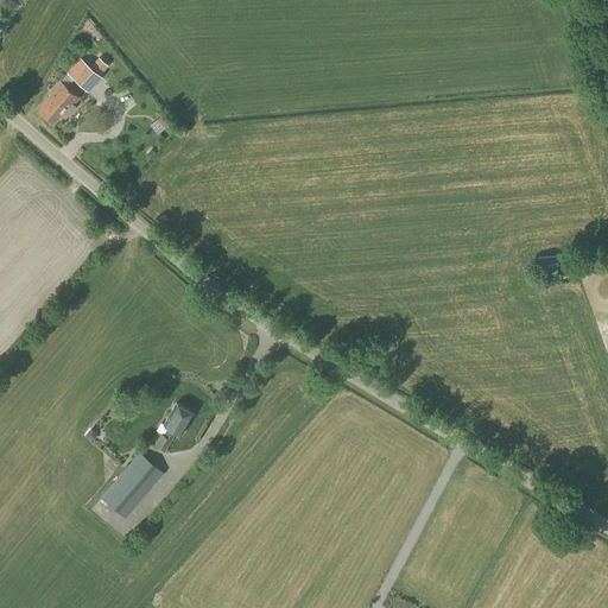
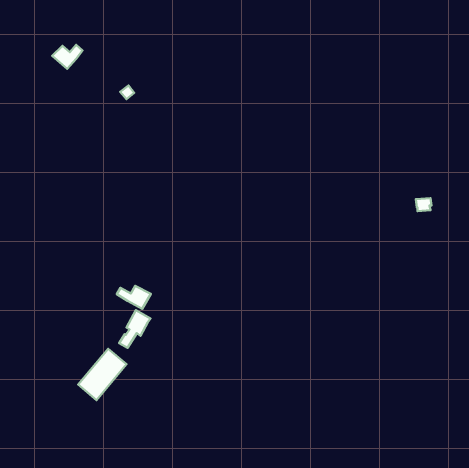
building: [39,83,78,124] -> none
building: none -> [117,286,151,309]

